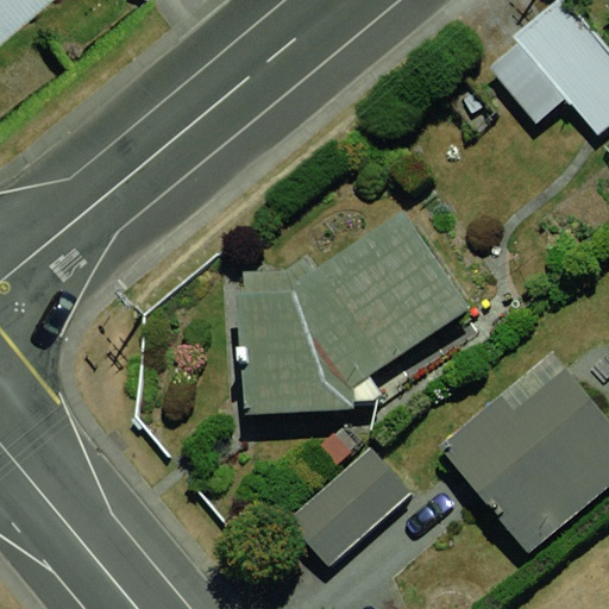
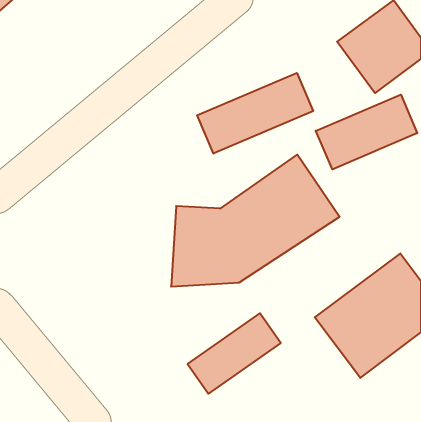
building: none -> [197,73,313,154]
building: none -> [316,95,417,169]

